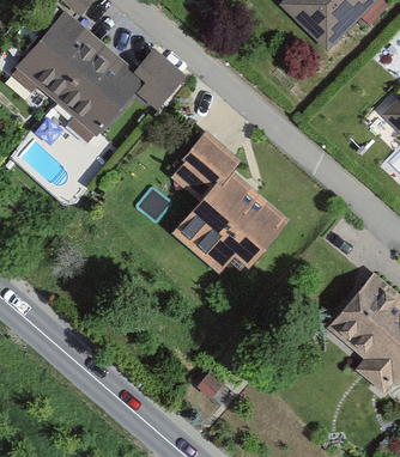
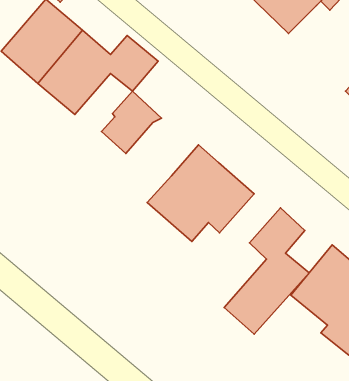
building: [172,134,237,201] -> [101,91,162,154]
building: none -> [224,208,309,334]

